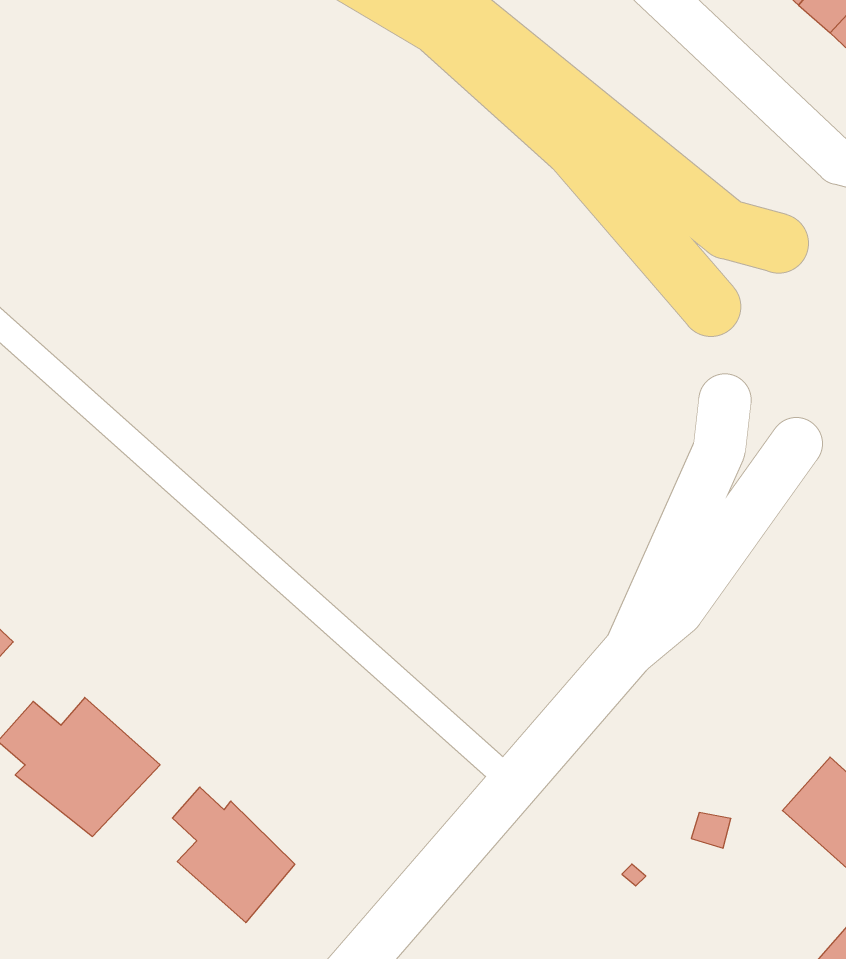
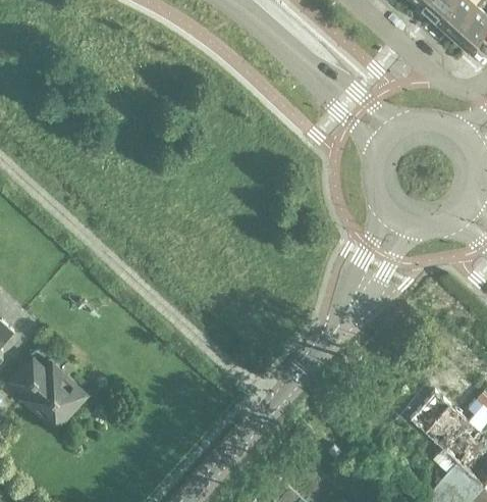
building: [172,787,295,923] -> none

